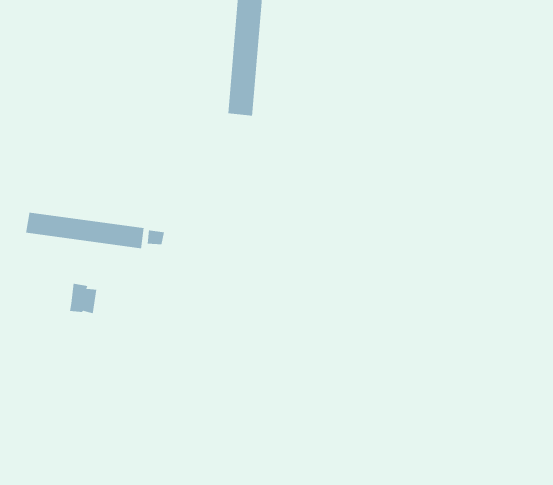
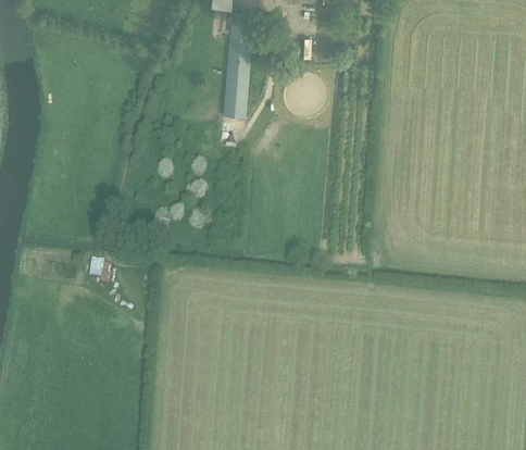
building: [25,212,144,249] -> none

